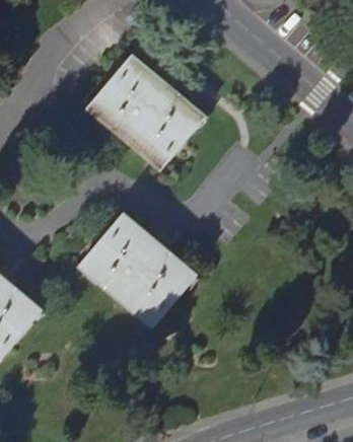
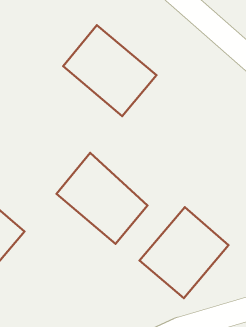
building: none -> [139,207,229,298]

